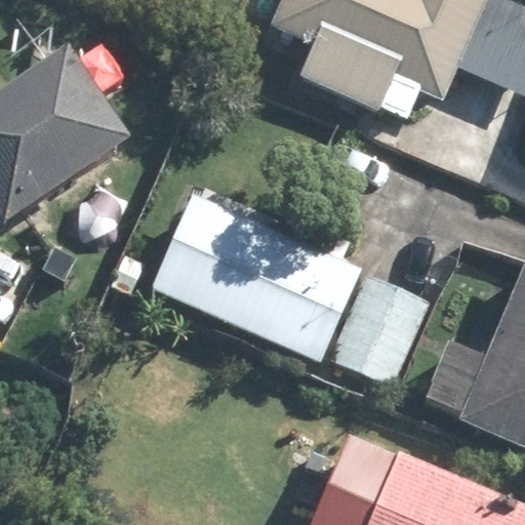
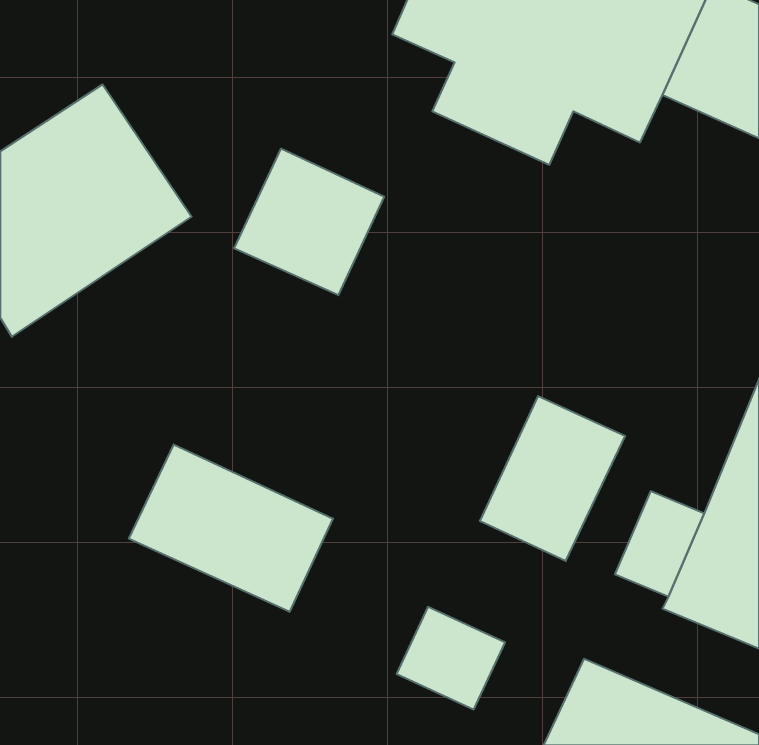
building: none -> [234,149,384,295]
building: [152,195,358,361] -> none
building: none -> [129,444,333,612]

